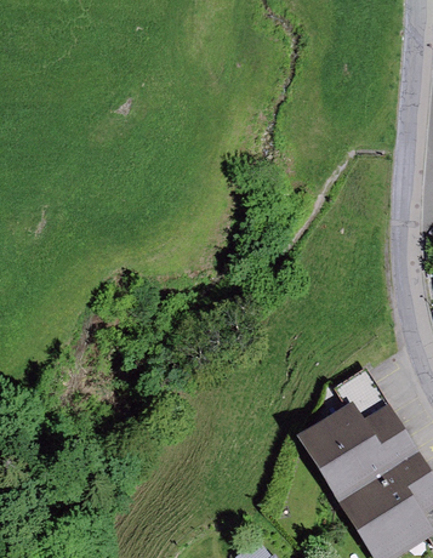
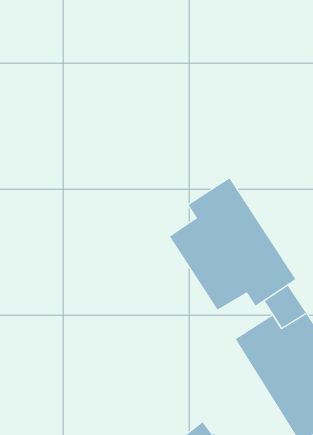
building: none -> [169,178,296,310]

